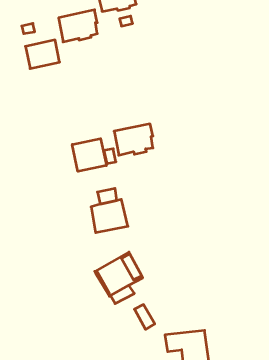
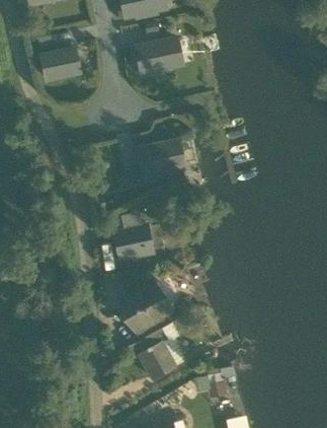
building: [59,10,97,42] -> [136,39,178,74]
building: [72,139,106,171] -> none
building: none -> [140,345,172,378]

